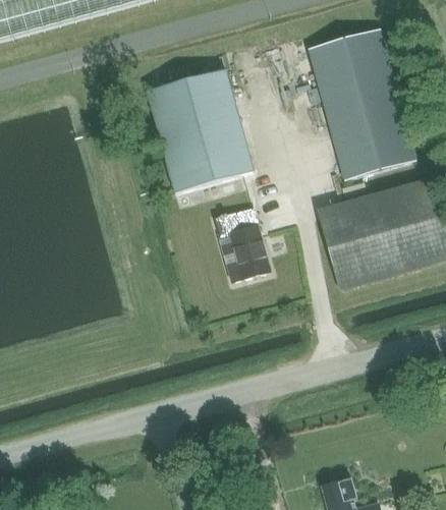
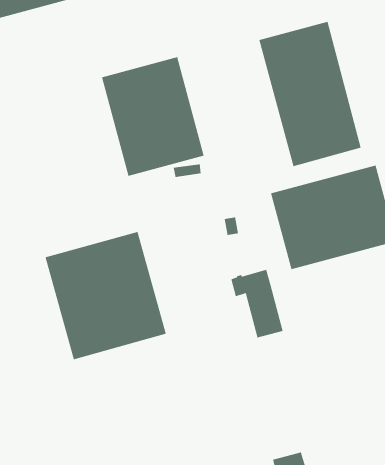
building: [216,206,271,277] -> [230,269,283,338]
building: none -> [45,231,167,360]

